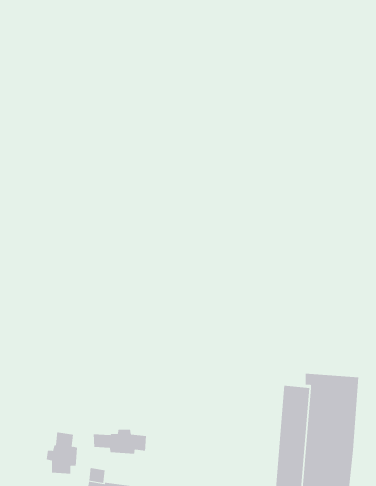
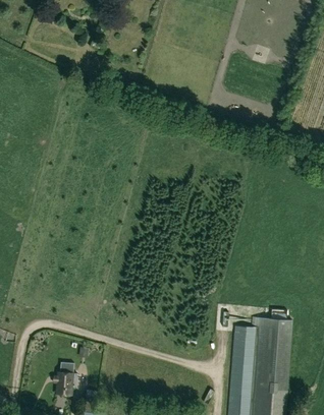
building: [93,429,147,455] -> none

